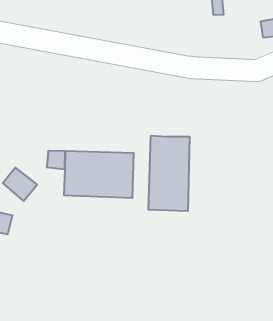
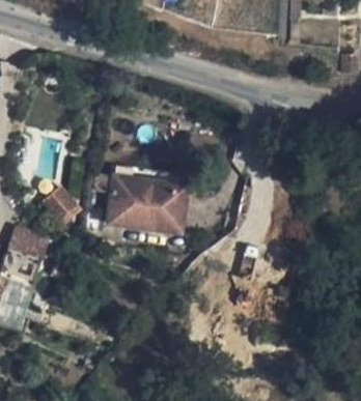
building: [149,136,189,211] -> none

